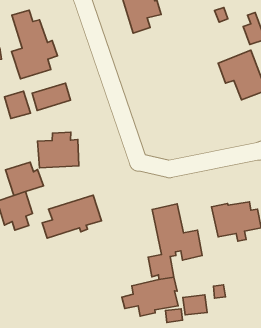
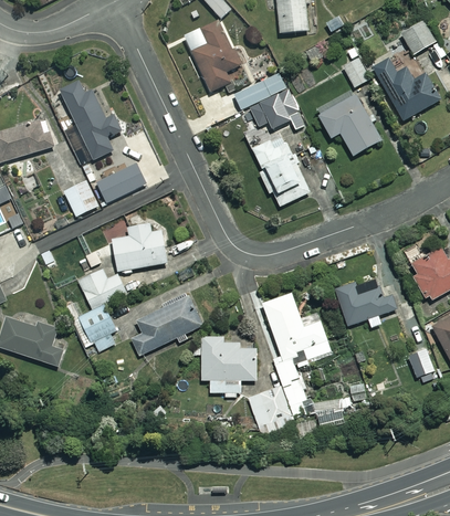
building: none -> [234,72,304,126]
building: none -> [252,134,310,206]
building: none -> [201,336,255,392]

